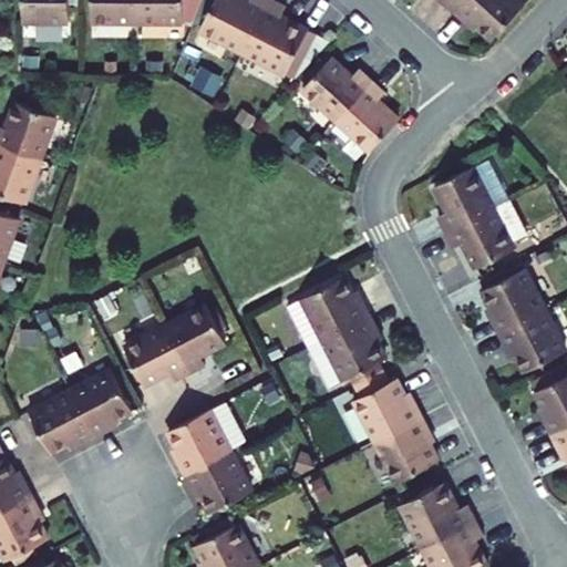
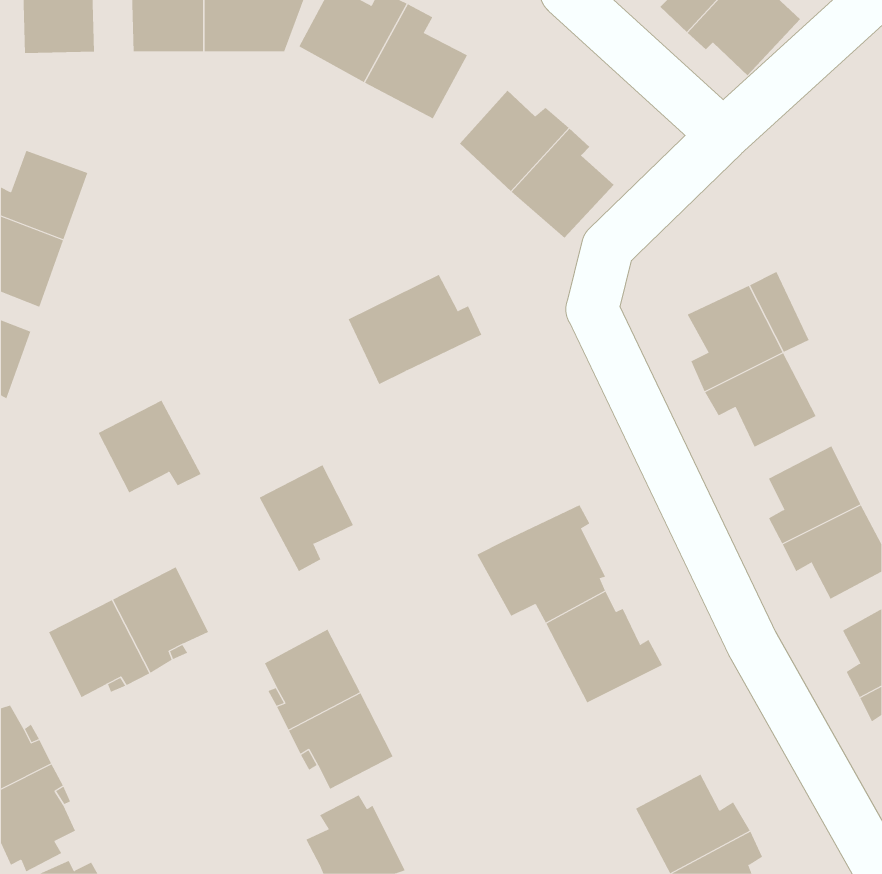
building: [286,285,372,355] -> [348,274,482,385]
building: [125,319,192,379] -> [98,400,201,493]
building: [377,426,442,493] -> none

